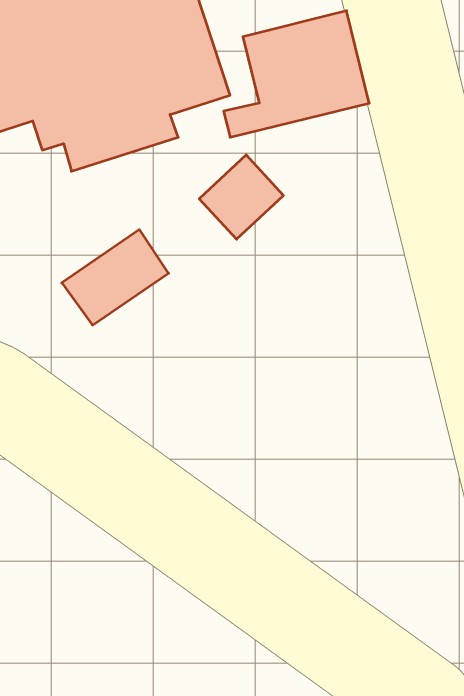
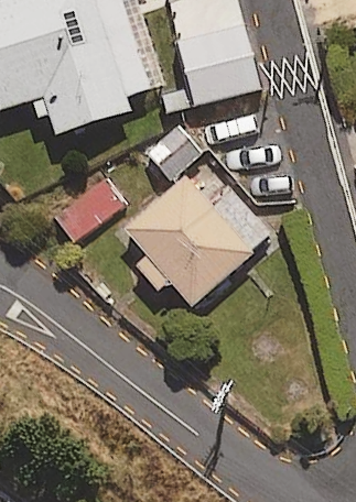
building: none -> [117,172,270,305]

